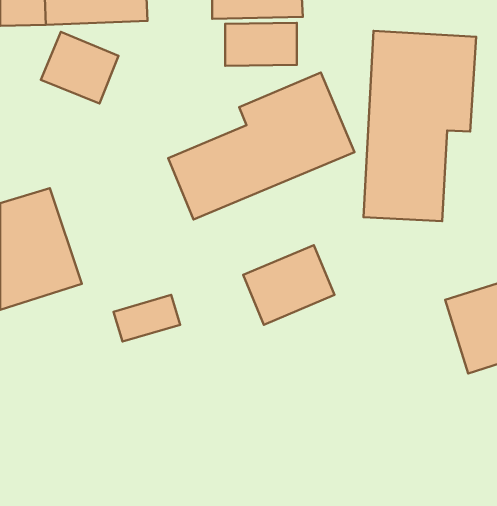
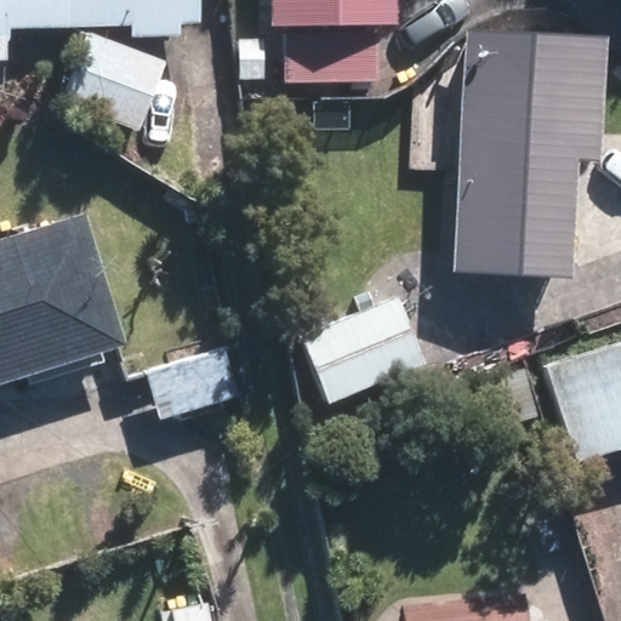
building: [168,72,355,220] -> none

